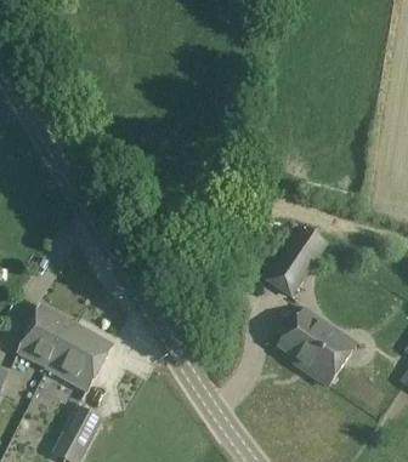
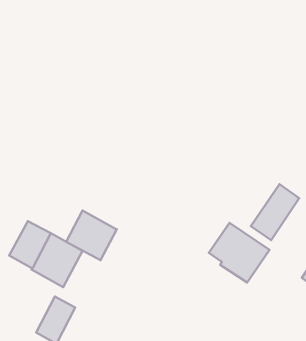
building: [265,223,328,296] -> [251,184,299,240]
building: none -> [66,211,117,260]

